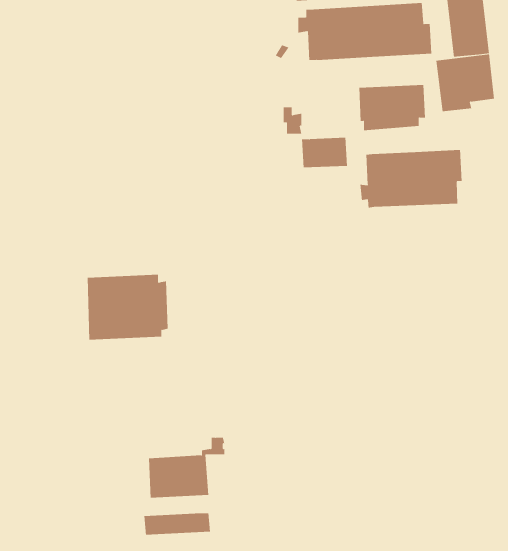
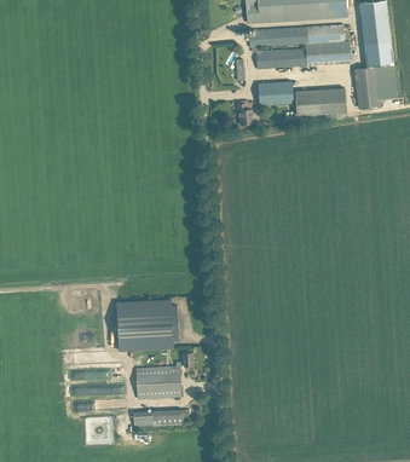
building: [301,137,348,168] -> [258,81,293,104]
building: [360,149,462,208] -> none
building: [87,274,169,340] -> [116,300,178,350]

